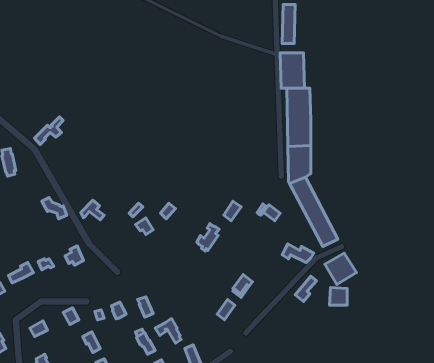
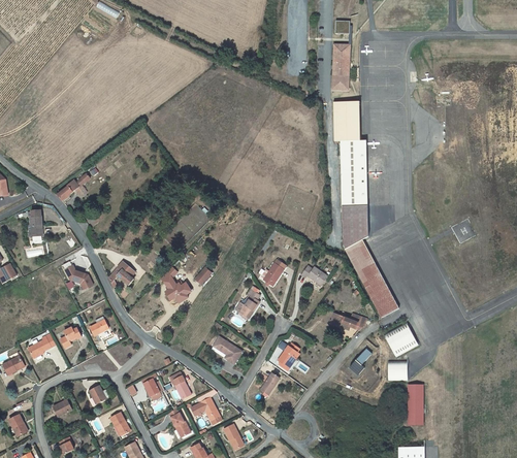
building: none -> [213,336,244,365]
building: none -> [406,386,421,425]

